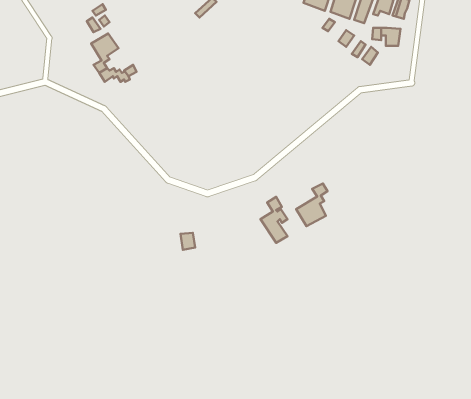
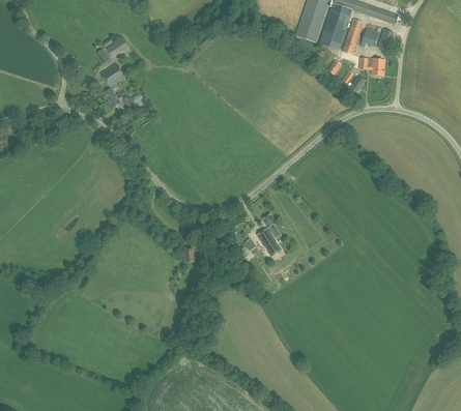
building: [296,183,328,226] -> none

